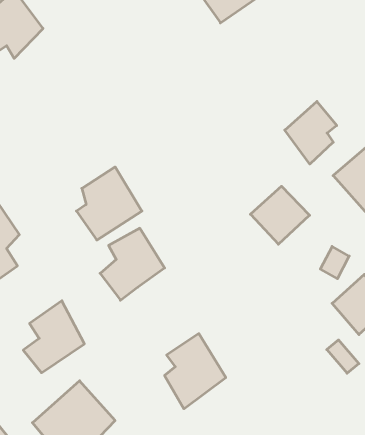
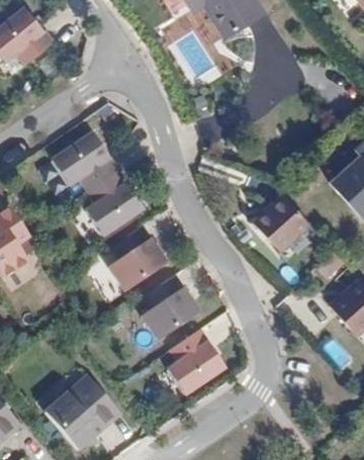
building: [285,101,337,164] -> none
building: none -> [53,129,122,193]
building: [23,301,84,373] -> [142,277,199,345]

